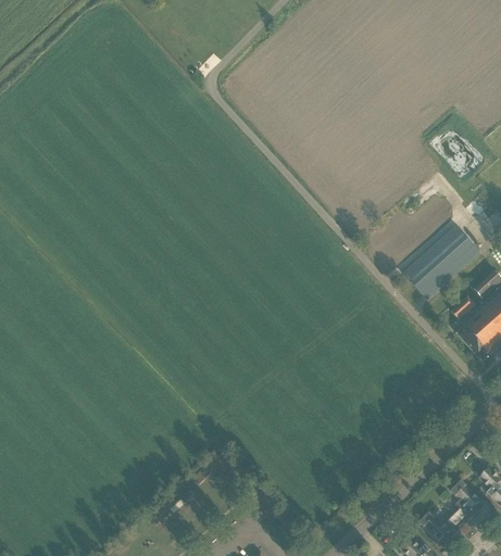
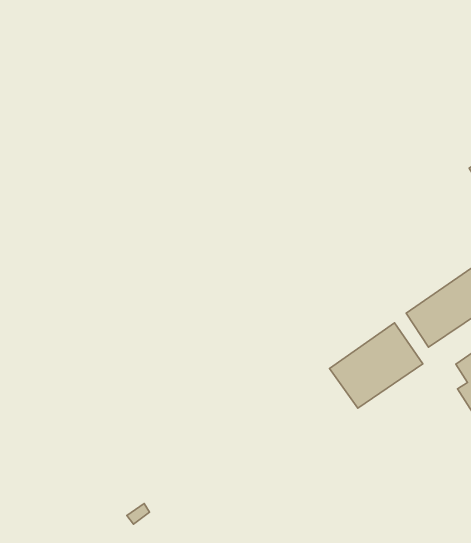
building: none -> [330,323,423,408]

